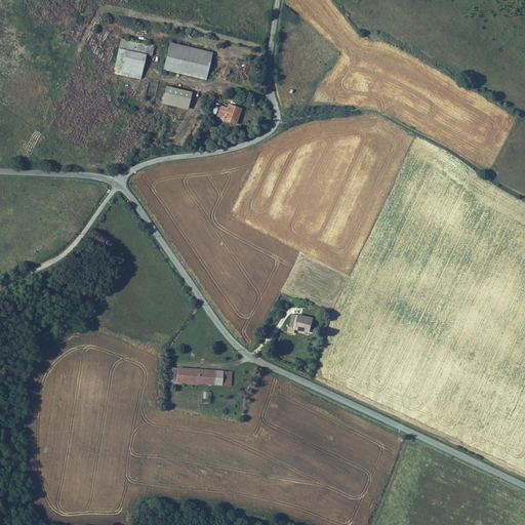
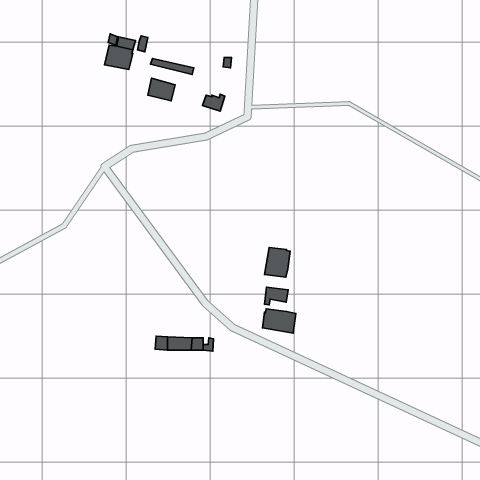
building: [166,48,214,74] -> none
building: none -> [265,247,290,277]
building: none -> [262,309,296,333]

